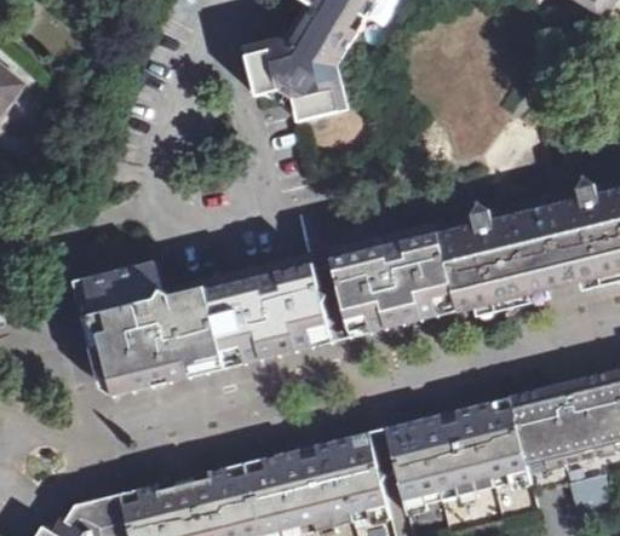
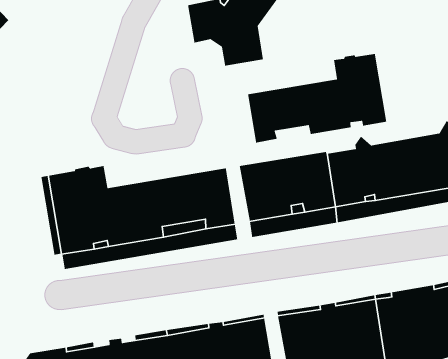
building: none -> [247,53,387,143]

